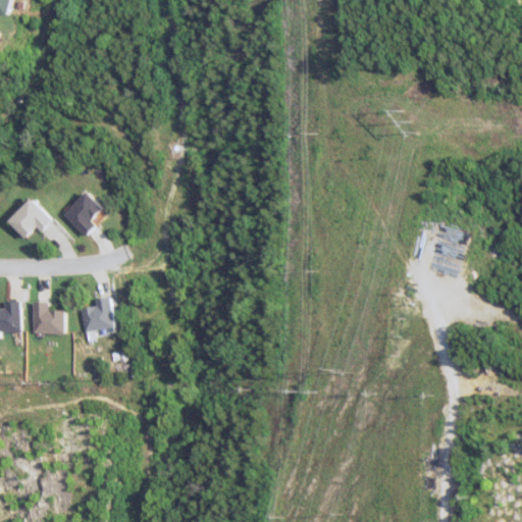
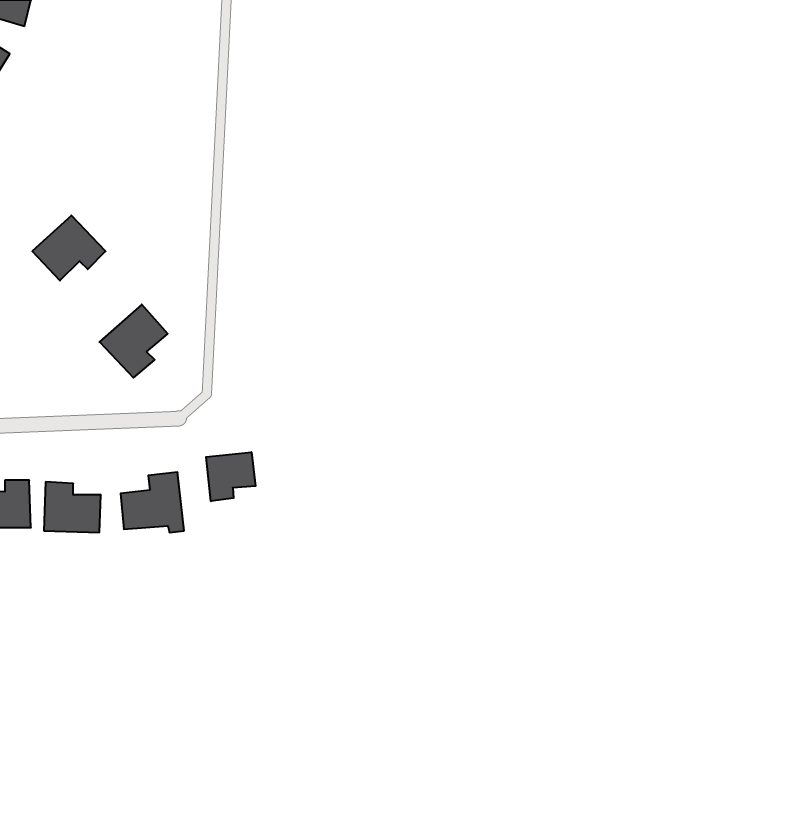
building: [6,198,52,239] -> [32,215,106,281]
building: none -> [206,452,256,501]

